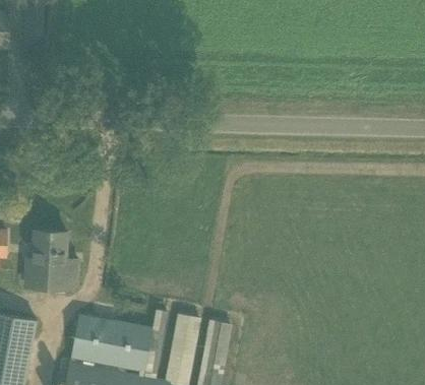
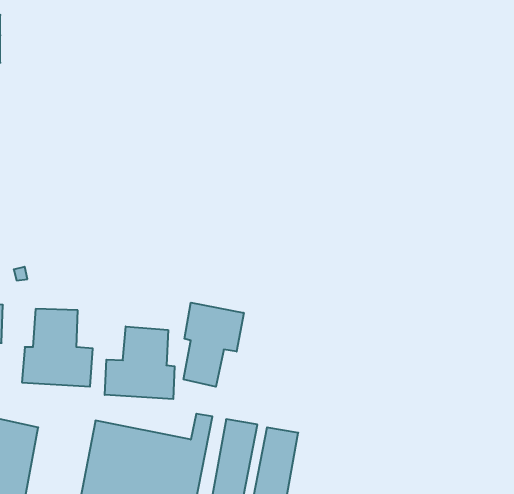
building: none -> [184,303,244,387]
building: none -> [105,326,175,399]

